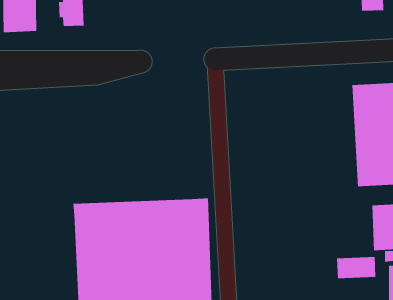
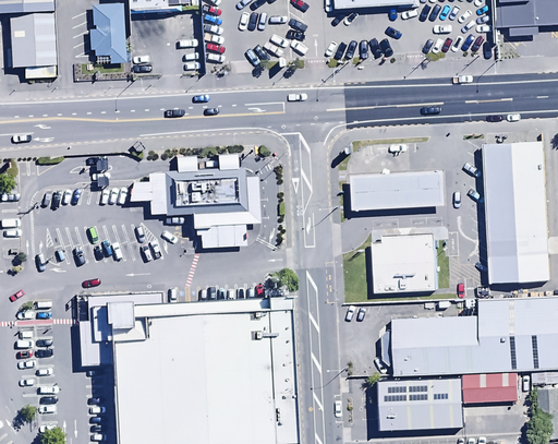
building: none -> [128,170,255,247]
building: none -> [351,170,442,211]
building: none -> [373,231,438,291]
building: none -> [393,303,511,375]
building: none -> [378,377,462,428]

